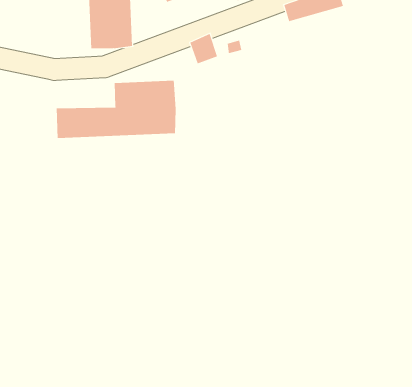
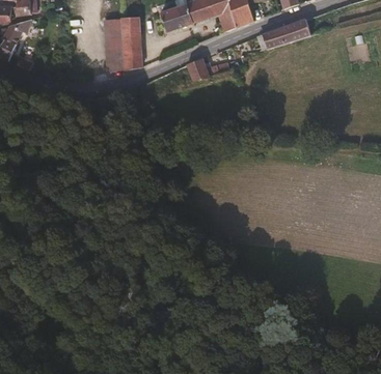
building: [56,80,176,139] -> none

